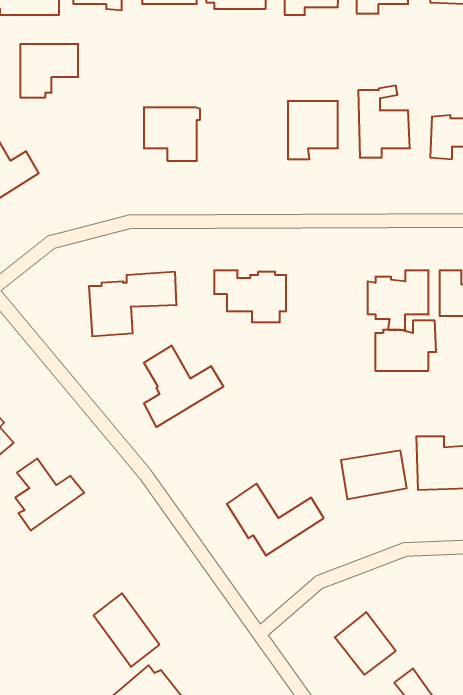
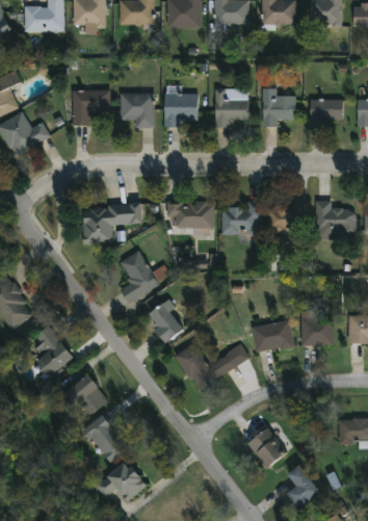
building: [20,44,78,97] -> [72,89,110,125]
building: none -> [164,85,198,127]
building: [375,321,436,371] -> [221,201,262,234]
building: none -> [148,303,182,344]
building: none -> [62,373,113,425]

